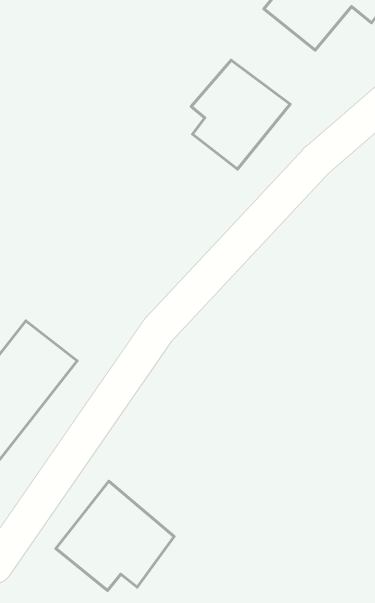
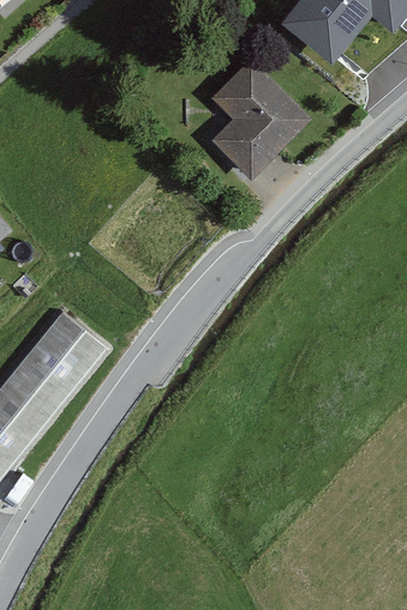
building: [56,481,174,590] -> none

